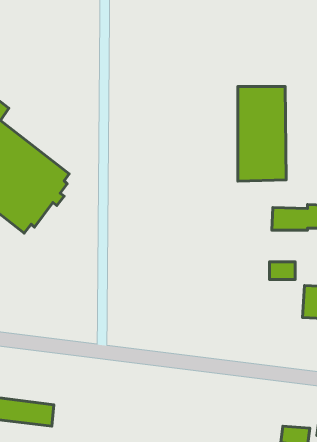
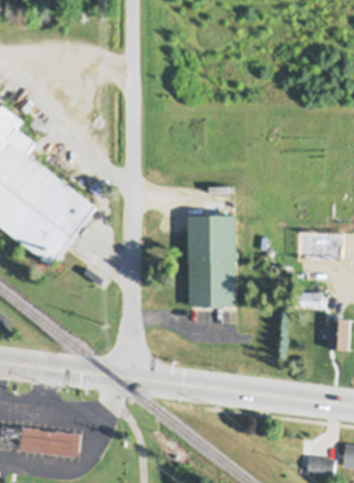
building: [238,87,286,181] -> [189,212,237,306]

